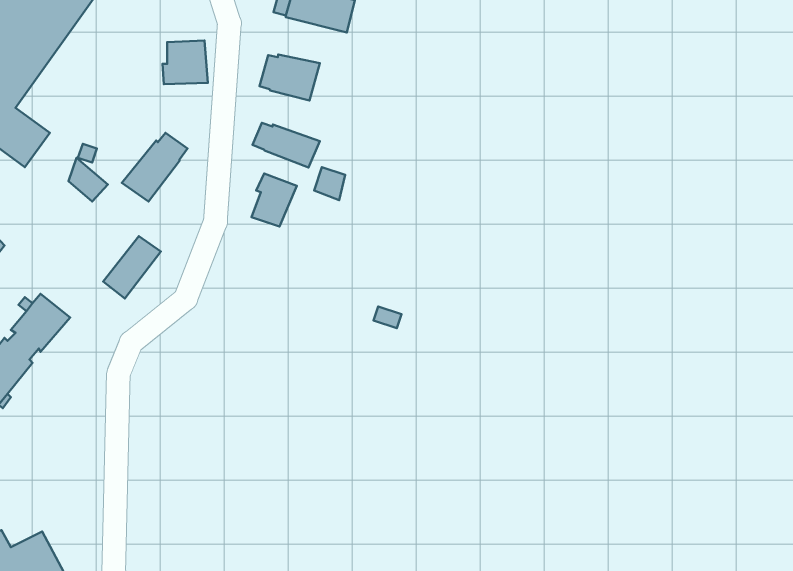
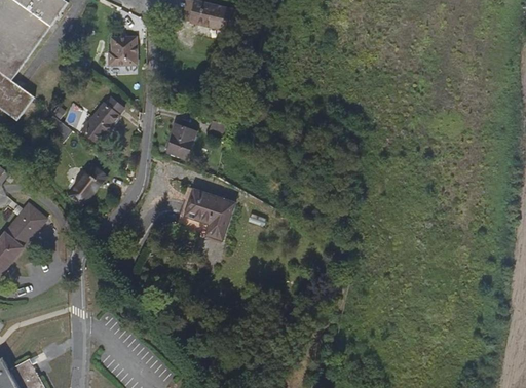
building: [260,54,320,101] -> none
building: [253,123,320,167] -> none
building: none -> [183,188,234,240]

